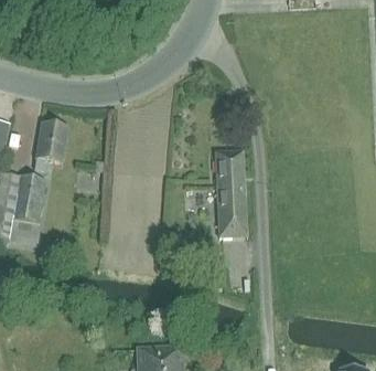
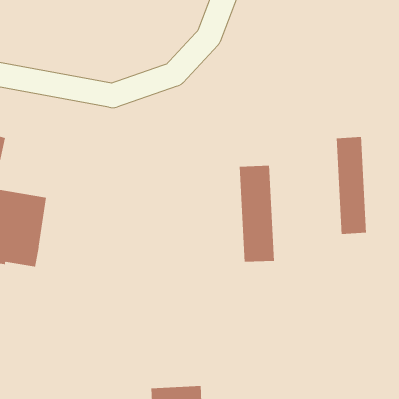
building: [34,121,68,172] -> none
building: none -> [336,136,366,235]

